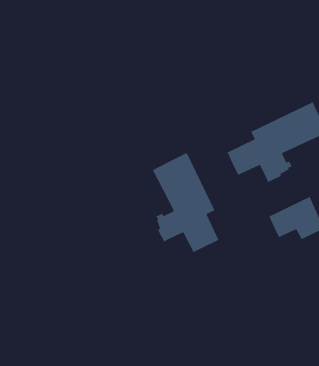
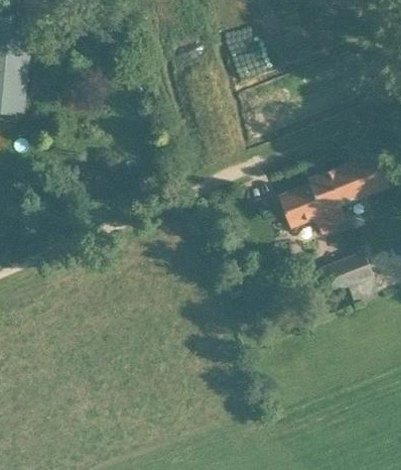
building: [152,152,220,253] -> none

